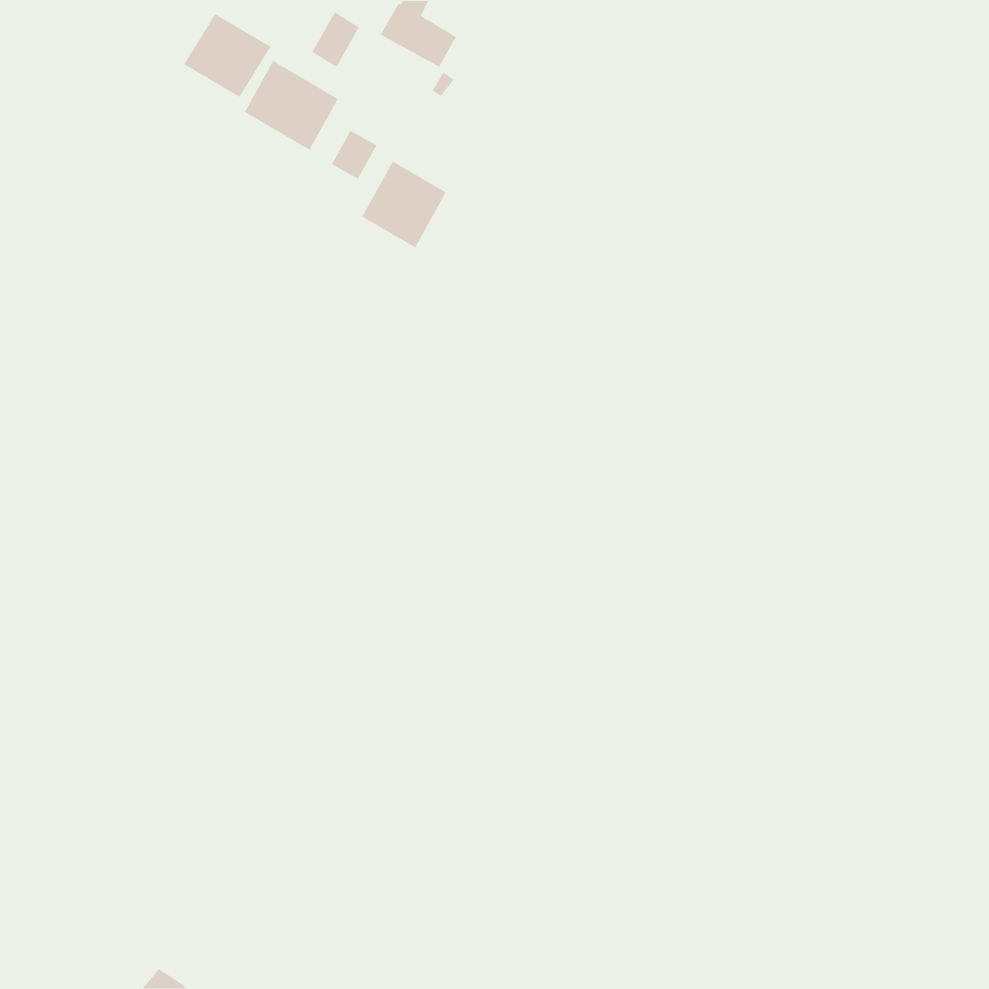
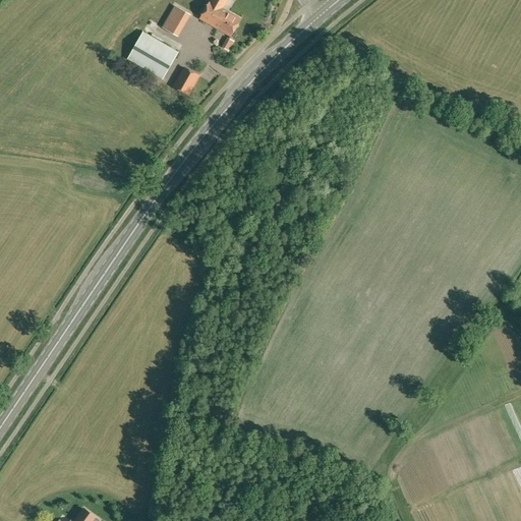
building: [183,13,271,98] -> none
building: [361,160,447,248] -> none

